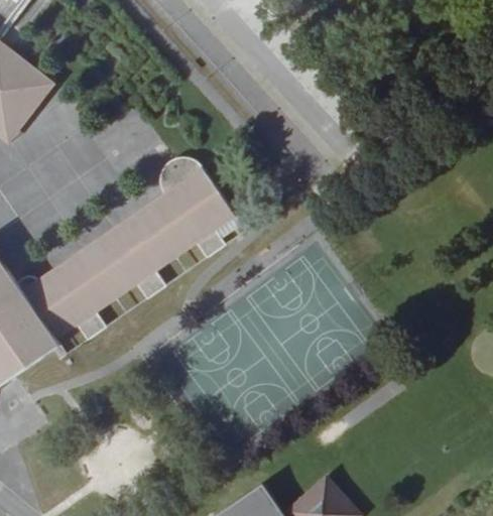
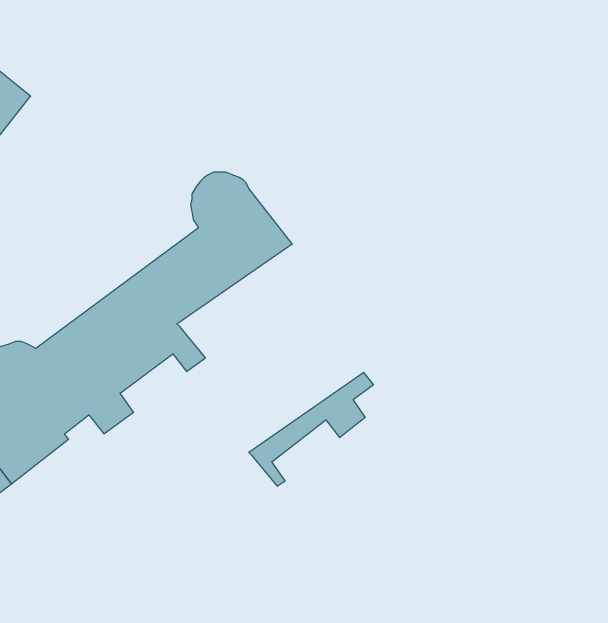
building: [148,196,241,280] -> [249,372,373,486]

